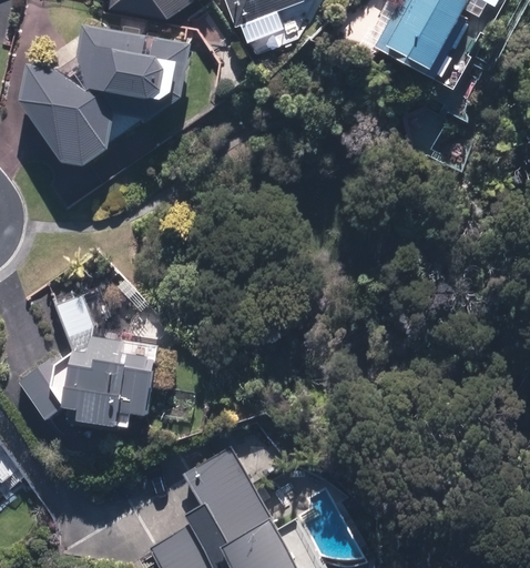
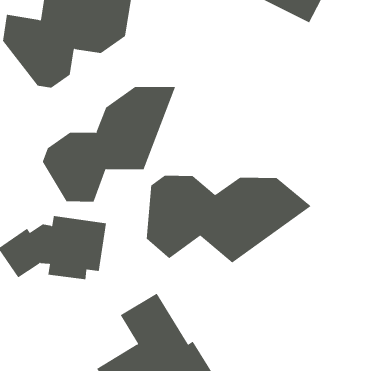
building: none -> [42,86,176,202]
building: none -> [146,175,312,263]

